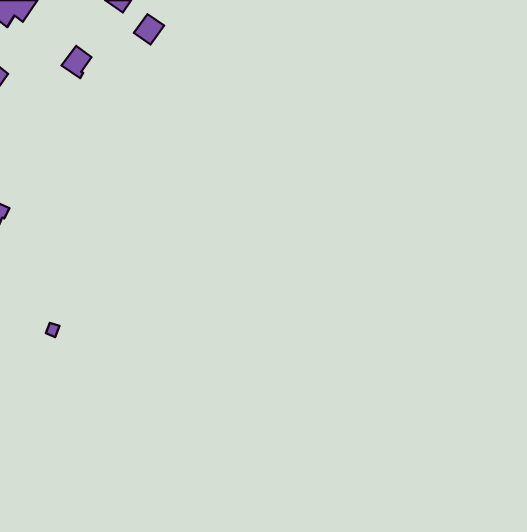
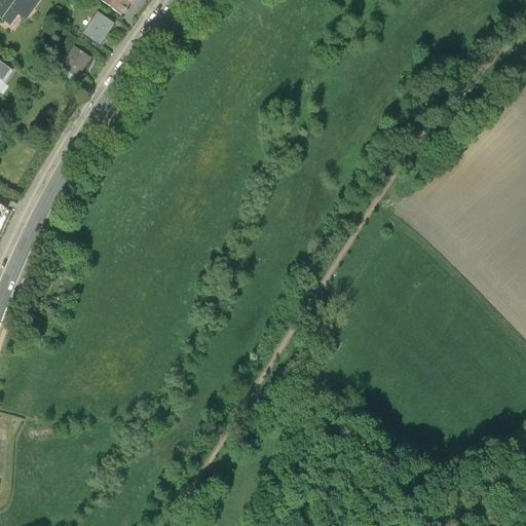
building: [134,14,164,44] -> [84,12,114,42]

